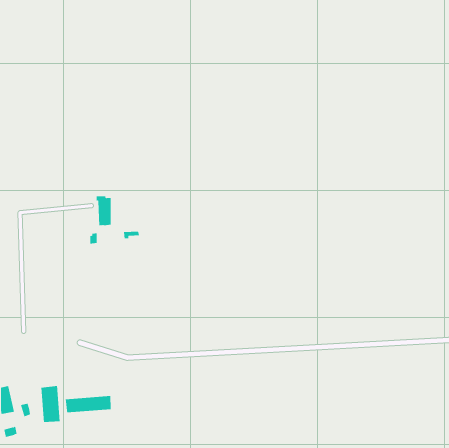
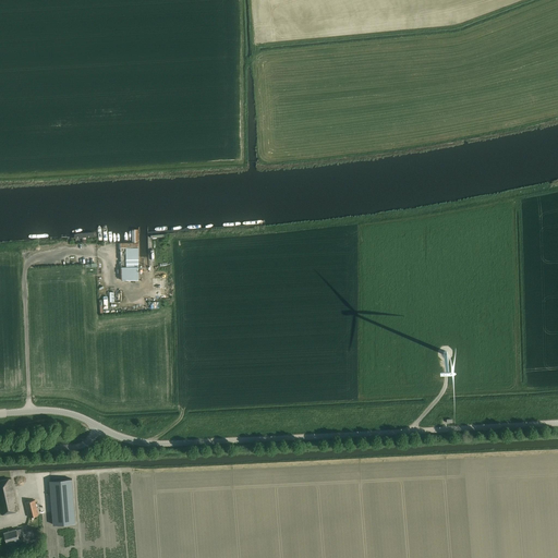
building: [65,395,111,413] -> none

